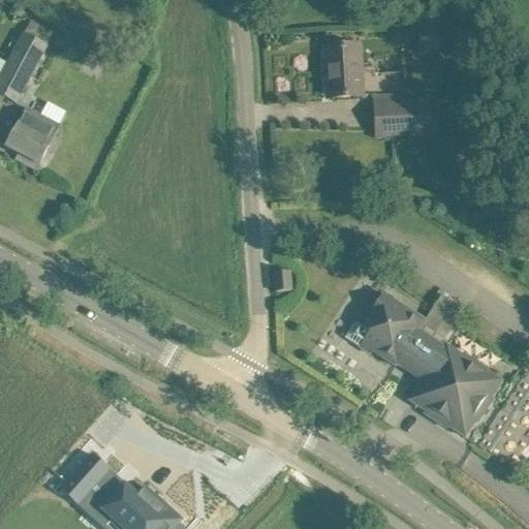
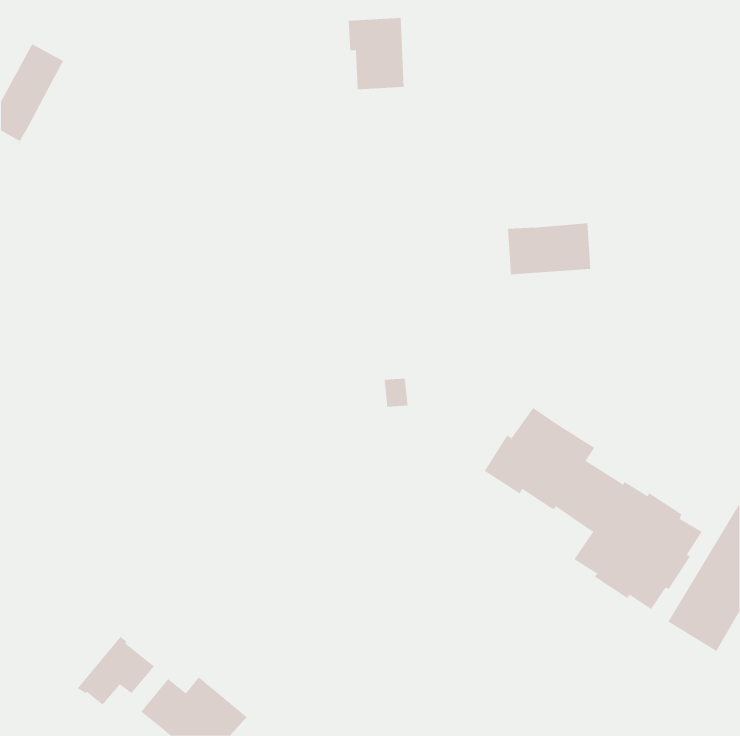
building: [325,44,366,96] -> [348,17,404,90]
building: [374,98,434,135] -> [507,223,591,275]
building: [6,107,66,173] -> none

